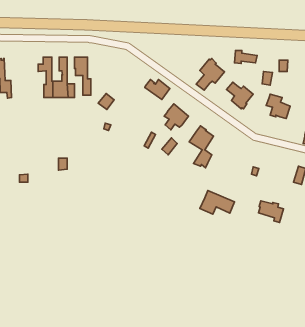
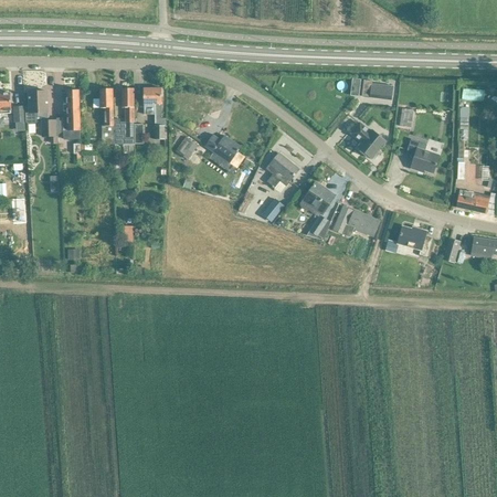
building: none -> [63,88,81,130]
building: [196,59,224,90] -> none
building: [145,79,170,100] -> [205,134,240,161]
building: [200,191,235,214] -> [332,204,380,236]
building: [258,201,283,223] -> [399,225,433,255]

